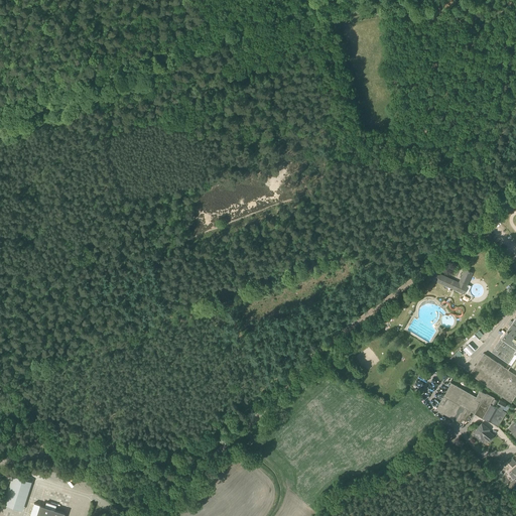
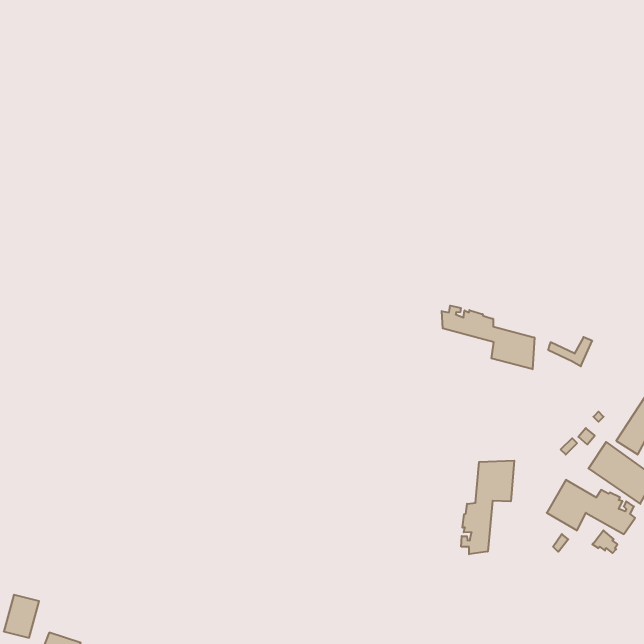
building: none -> [442,306,534,369]
building: none -> [461,461,514,554]

